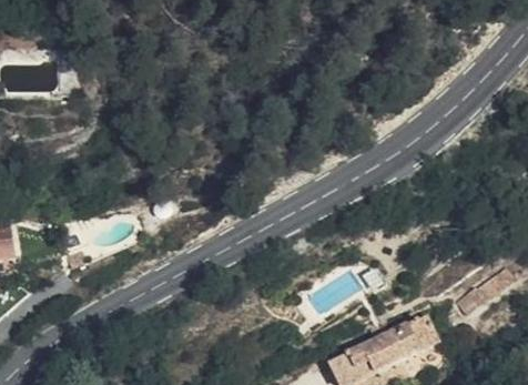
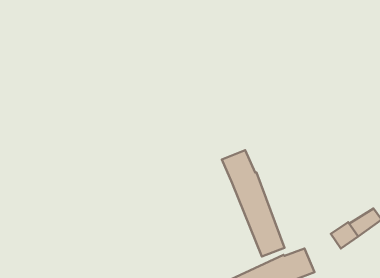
building: none -> [222,150,285,256]

